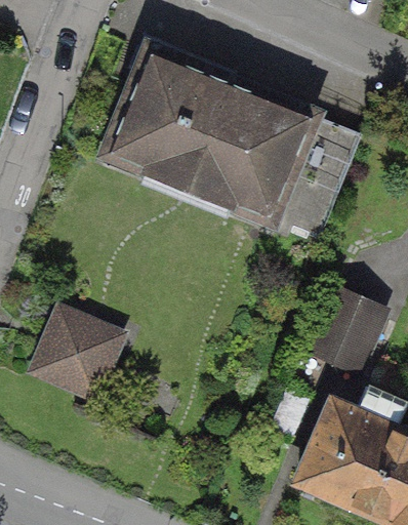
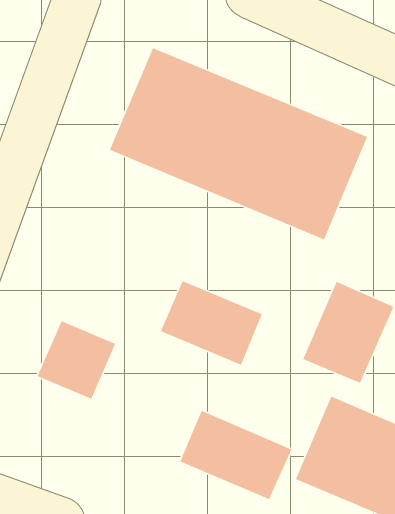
building: none -> [160,280,263,366]
building: none -> [179,410,292,500]

